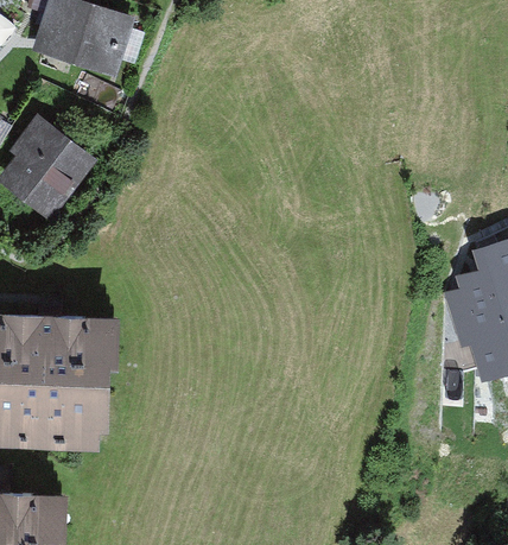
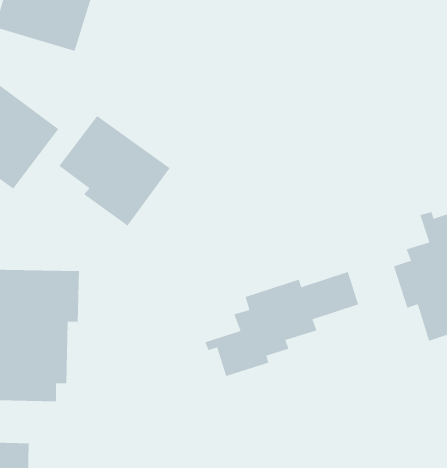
building: none -> [59,115,170,226]
building: none -> [204,271,359,377]

